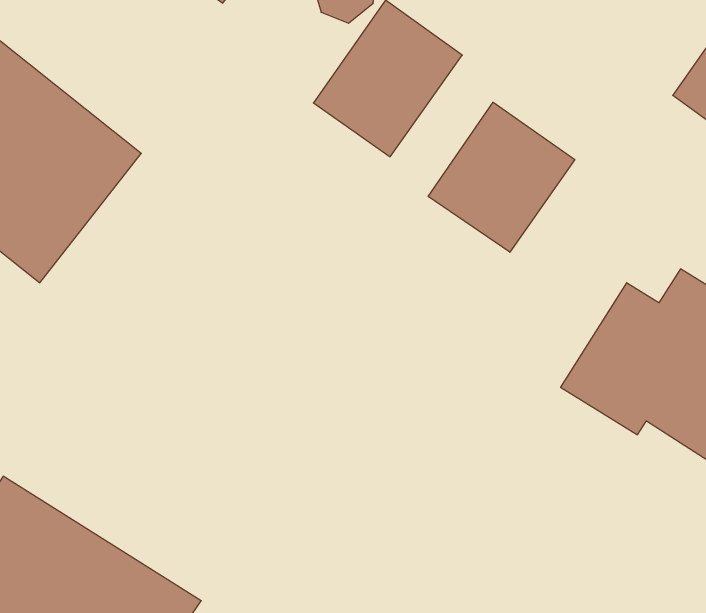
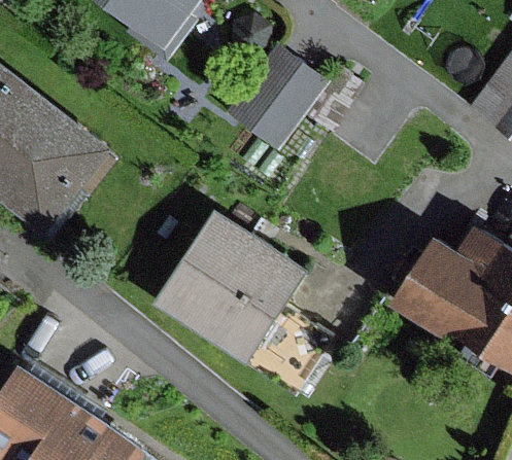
building: [428,102,575,252] -> none
building: none -> [152,212,305,364]

